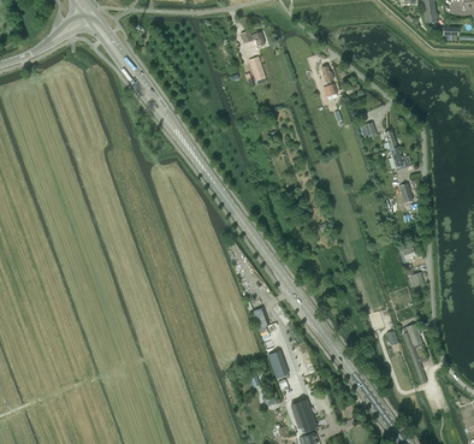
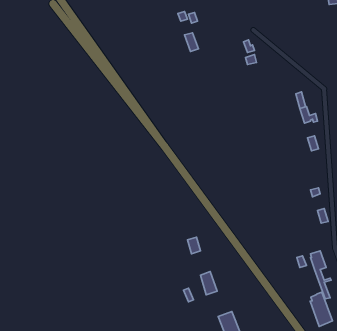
building: none -> [310,292,333,326]

